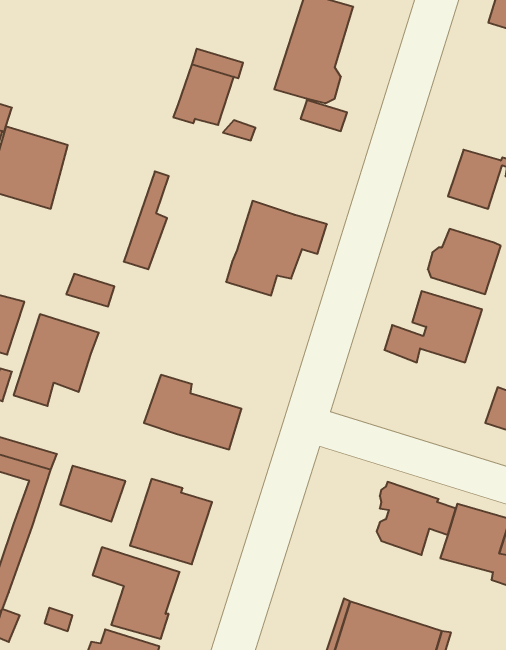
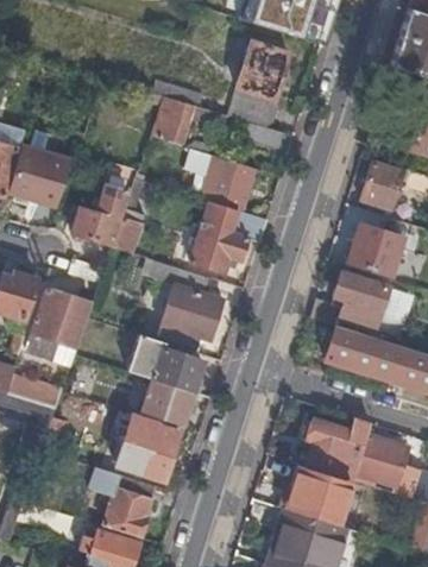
building: none -> [201,157,257,213]
building: none -> [67,185,126,244]
building: none -> [150,262,222,341]
building: none -> [326,326,380,373]
building: [60,466,125,522] -> [143,380,193,423]
building: none -> [290,465,350,515]

